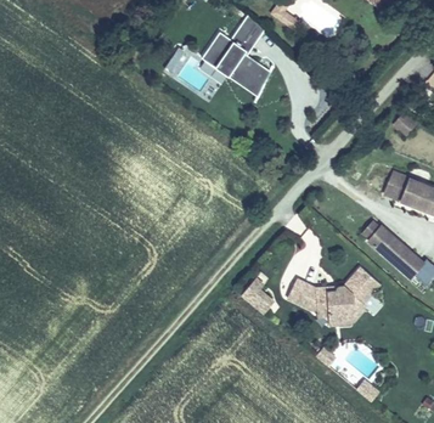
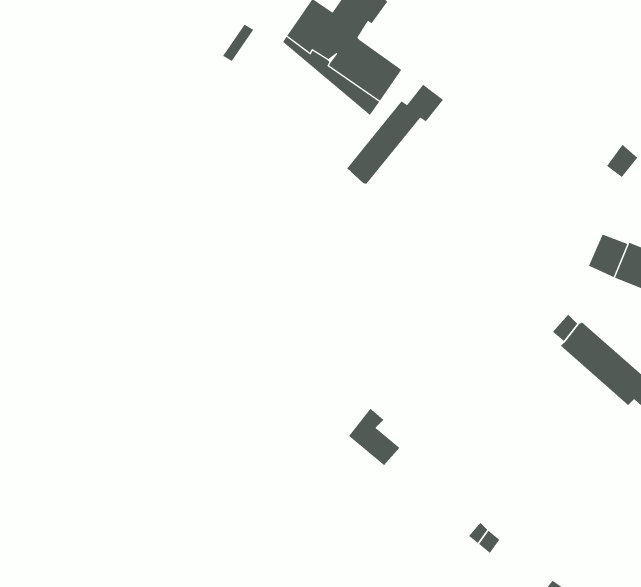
building: none -> [346,84,444,185]
building: [286,269,379,322] -> none

